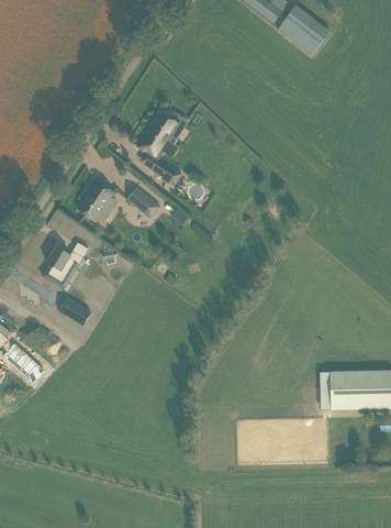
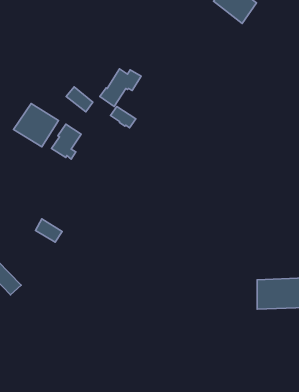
building: none -> [14,103,58,147]
building: [126,187,159,218] -> [66,87,93,112]
building: [47,242,88,271] -> none

